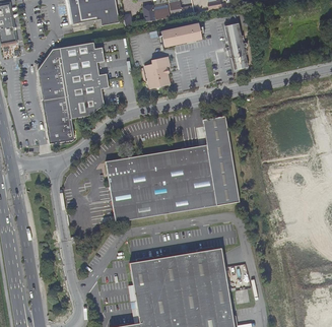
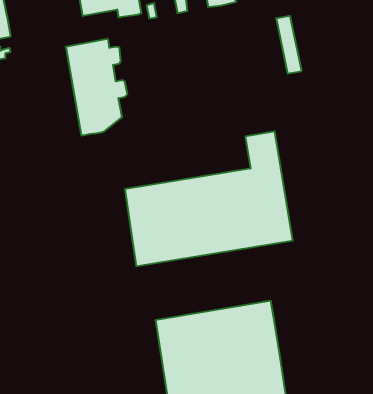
building: [158,23,202,46] -> none
building: [37,48,74,143] -> none
building: [143,56,170,87] -> none

